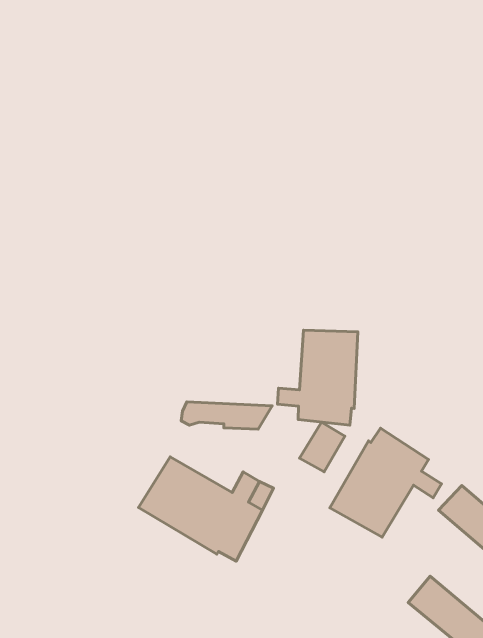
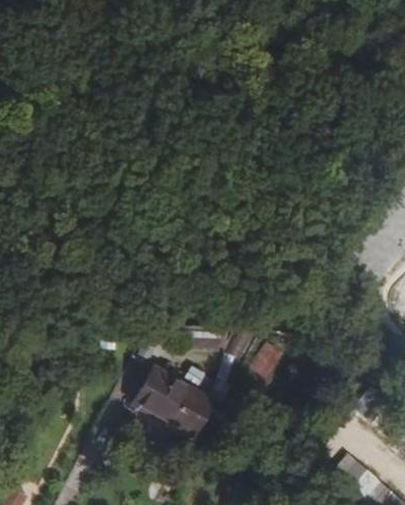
building: [277,330,358,425] -> none
building: [330,428,441,537] -> none

